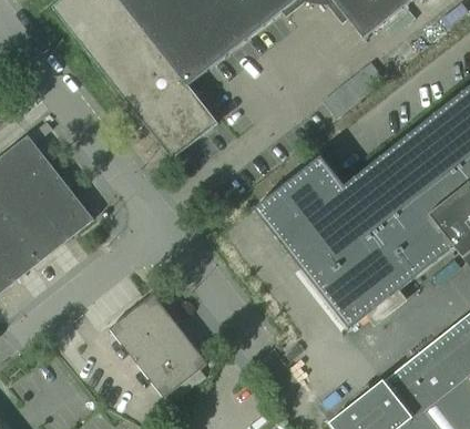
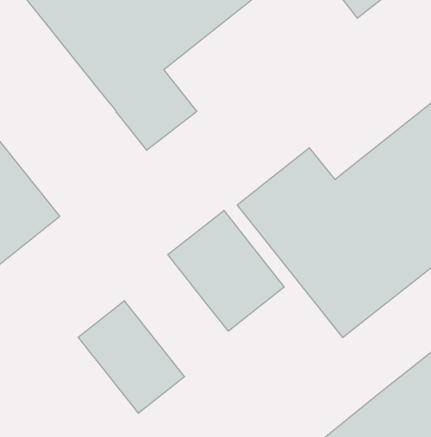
building: none -> [168,210,284,331]

